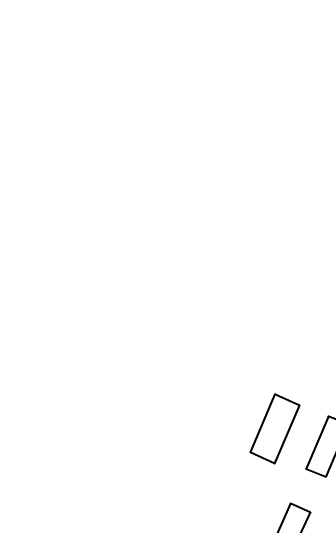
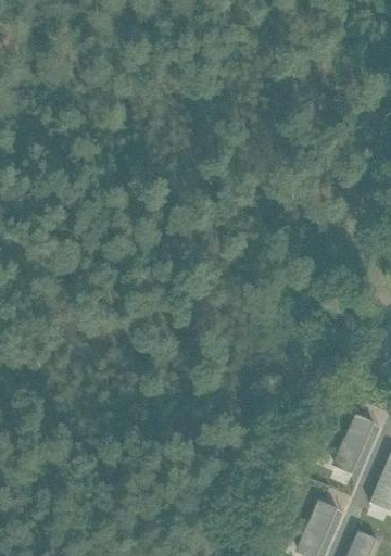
building: [250,394,299,464] -> none

